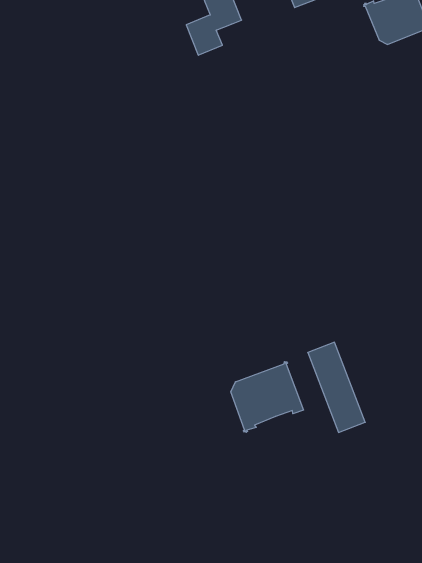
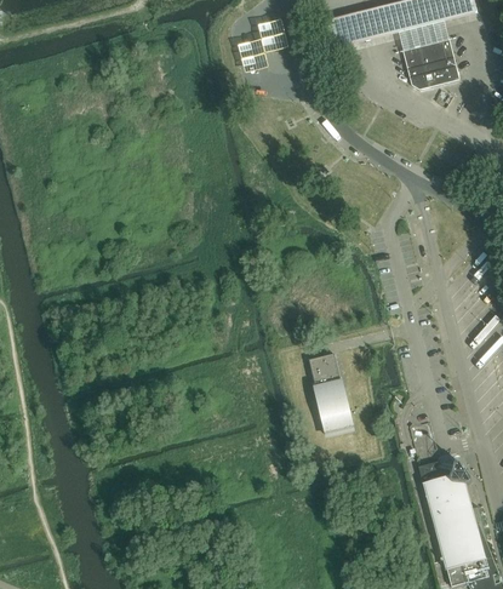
building: [231,362,304,432] -> none

